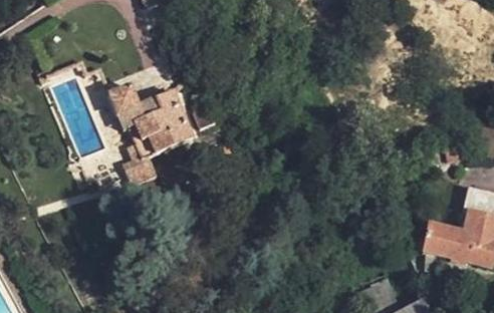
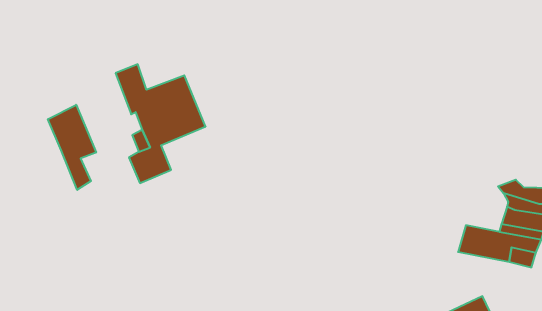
building: none -> [48,105,96,190]

